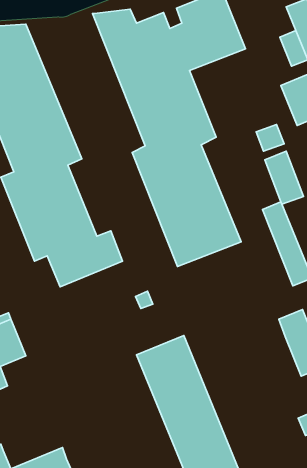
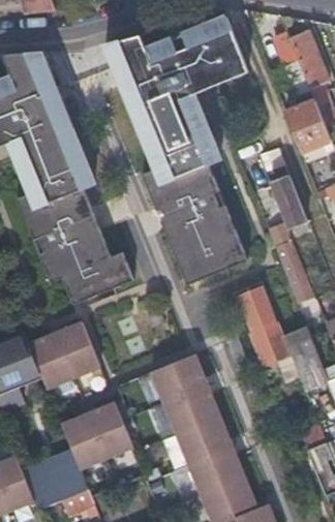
building: none -> [238,287,288,363]
building: none -> [29,324,98,390]
building: none -> [61,403,132,469]

